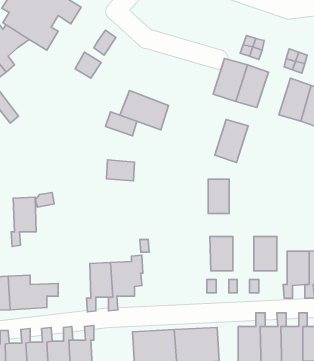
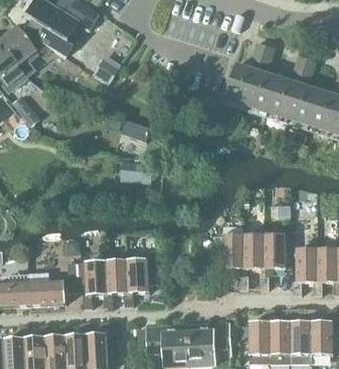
building: [120,91,169,130] -> none
building: [215,120,248,162] -> [268,77,300,119]
building: [208,179,229,214] -> [244,235,265,268]
building: [11,197,36,246] -> [83,261,108,309]

